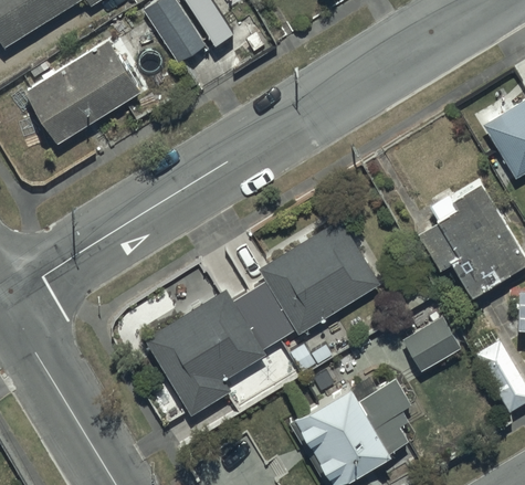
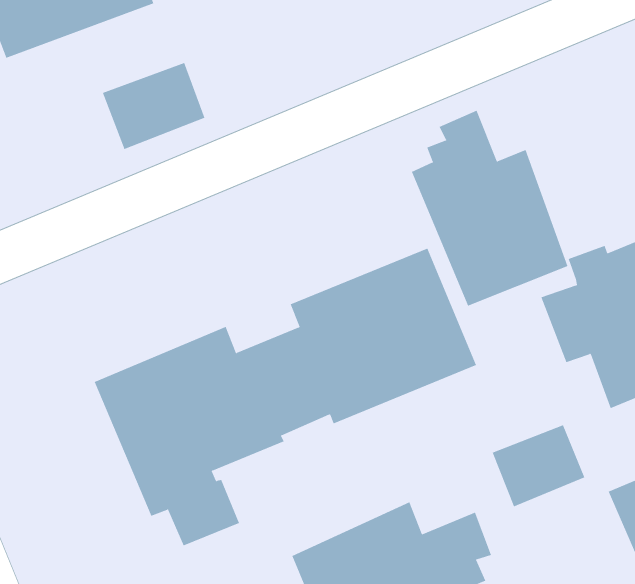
building: none -> [102,62,205,150]
building: none -> [411,110,568,307]

